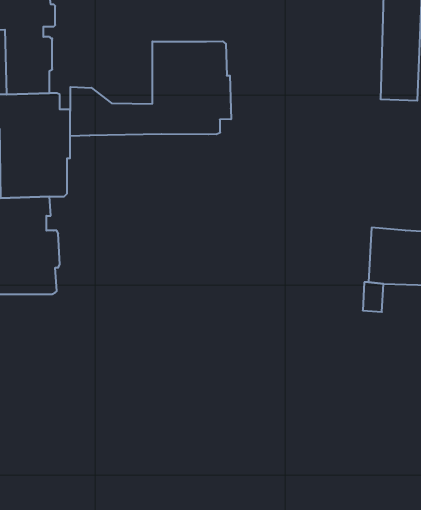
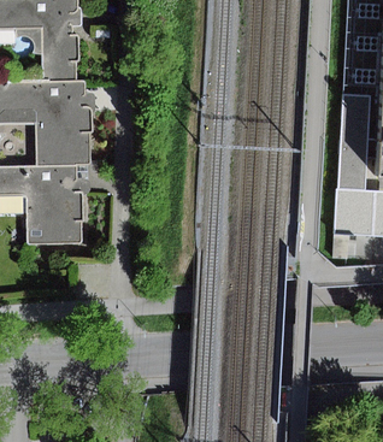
building: [70,41,231,136] -> none
building: none -> [338,94,370,193]

